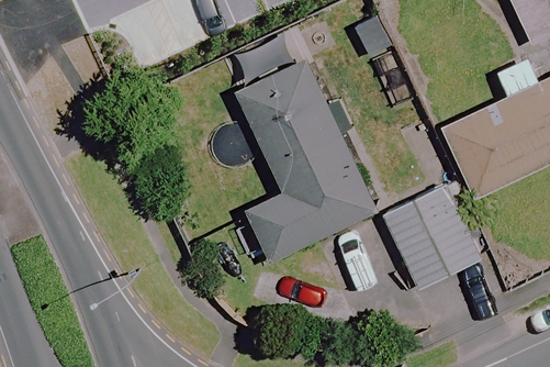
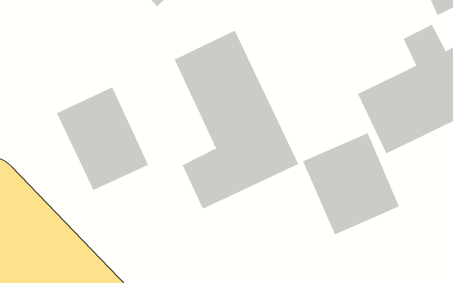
building: none -> [56,86,149,191]

